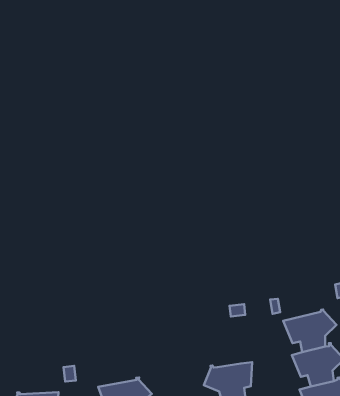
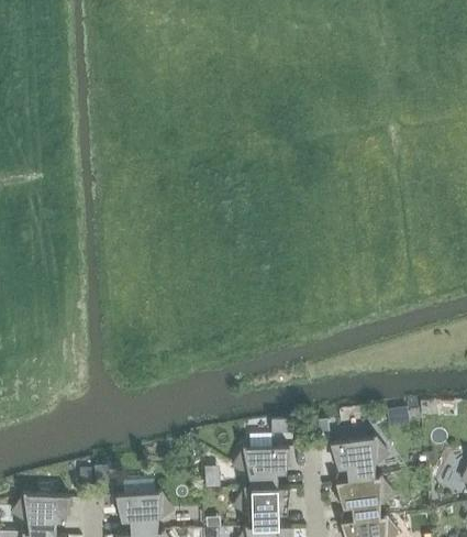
building: none -> [233,447,290,489]

